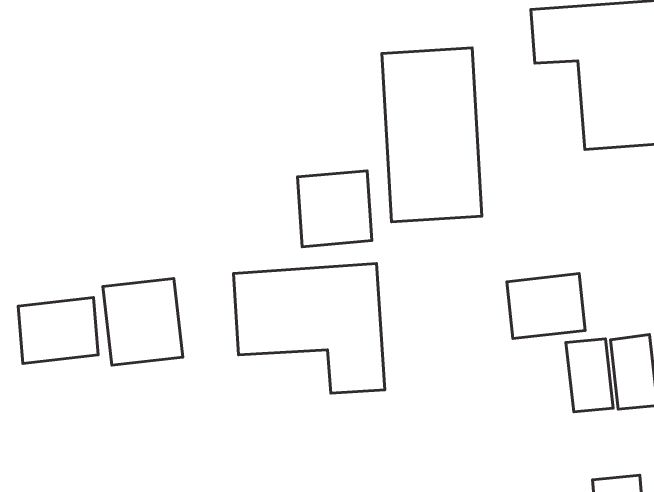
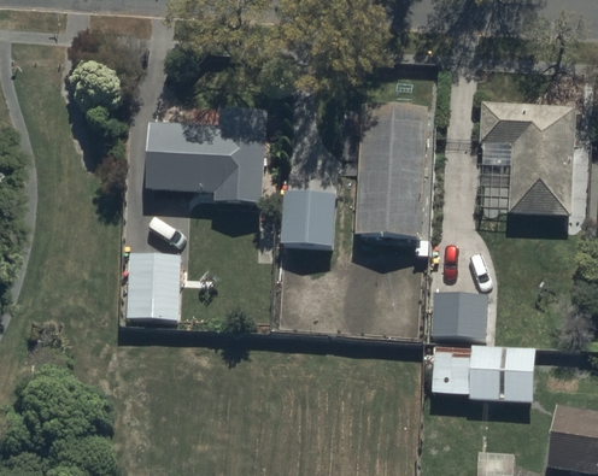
building: none -> [143,104,264,200]
building: [234,264,385,393] -> none
building: [18,298,98,363] -> none

